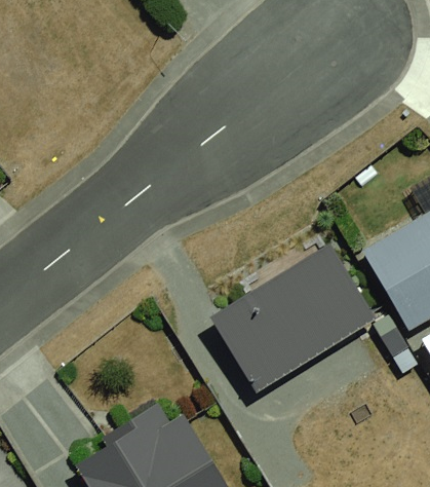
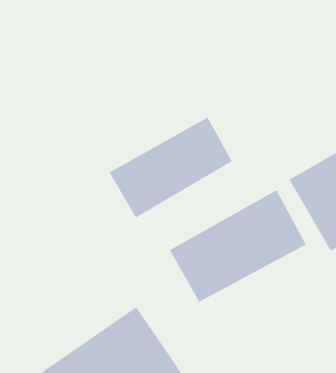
building: none -> [108,116,233,219]

